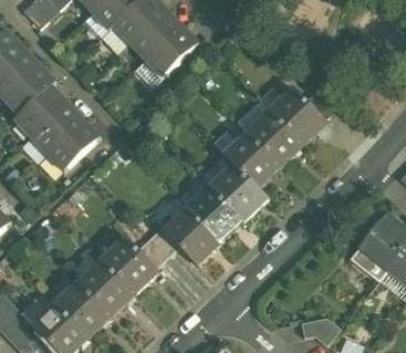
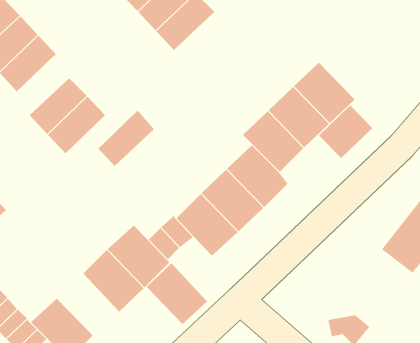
building: [14,84,66,136] -> [98,110,155,167]
building: none -> [318,105,373,159]
building: [55,280,112,336] -> [146,263,208,325]

